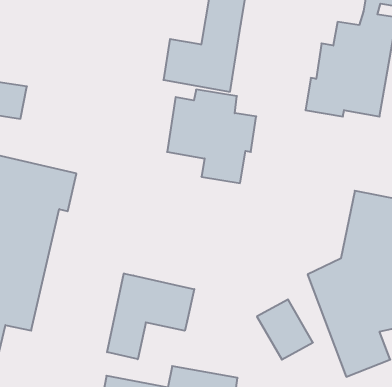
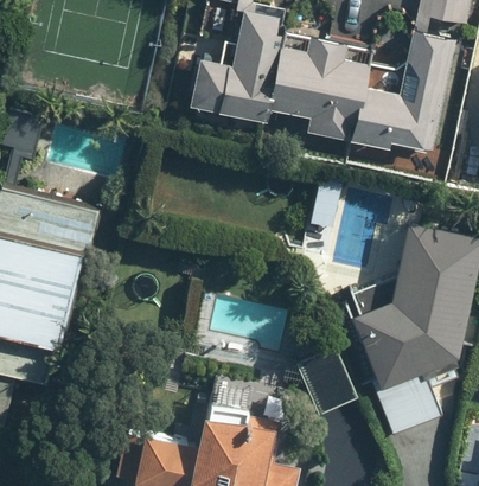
building: [167,90,256,183] -> [269,37,368,140]
building: [107,273,194,359] -> none

